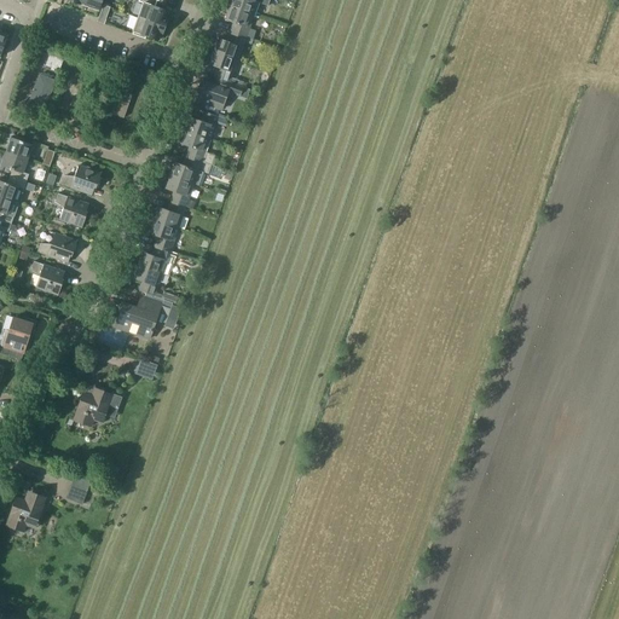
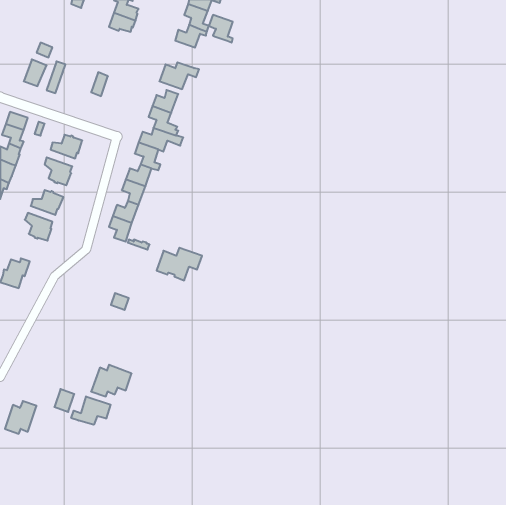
building: [209,50,238,83] -> [209,15,233,43]
building: [115,299,170,339] -> [157,248,202,280]
building: [73,386,122,424] -> [91,365,132,396]
building: none -> [71,396,111,425]

